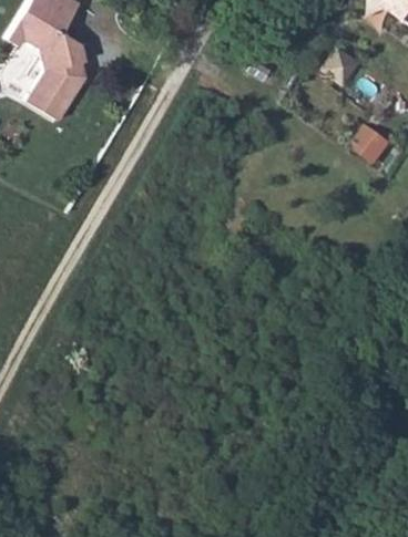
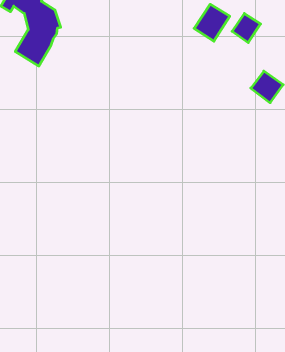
building: none -> [194,4,230,41]

